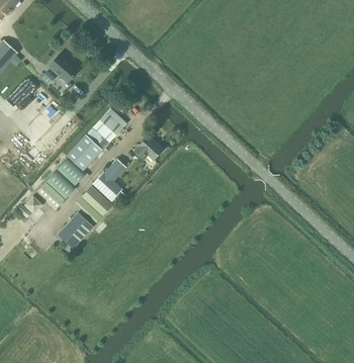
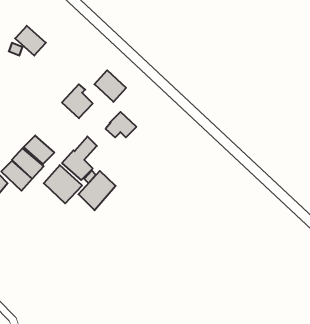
building: none -> [94,70,126,102]
building: [67,134,102,170] -> none
building: [58,211,93,249] -> [78,171,116,210]

